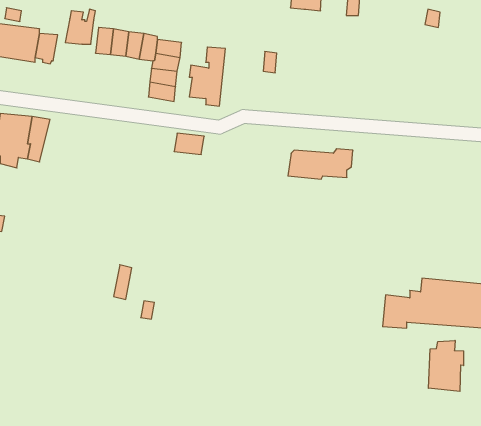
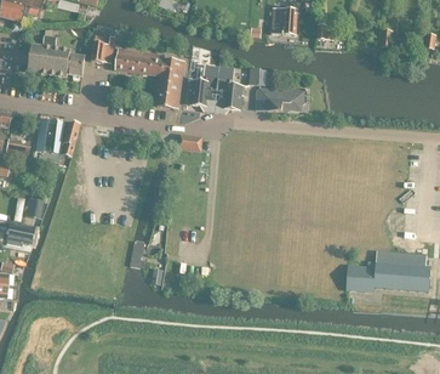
building: none -> [215,66,245,113]
building: [288,149,353,179] -> [255,87,307,112]
building: [428,340,464,391] -> none

